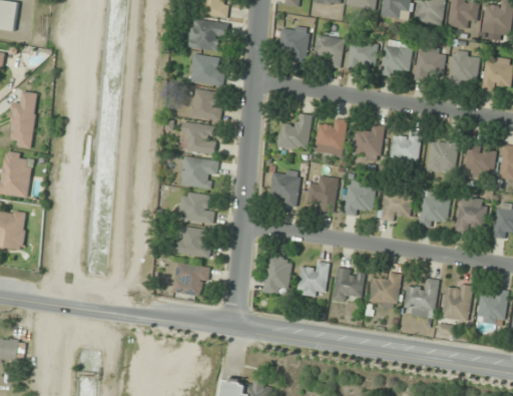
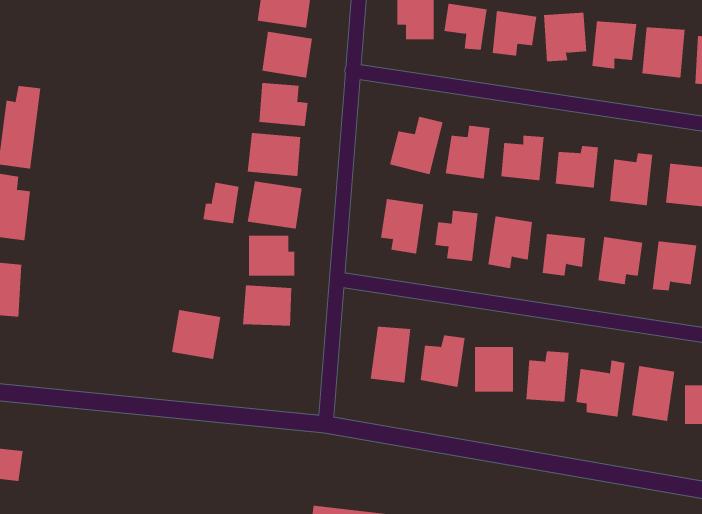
building: none -> [203,182,239,224]
building: [172,263,206,297] -> [171,310,221,360]

